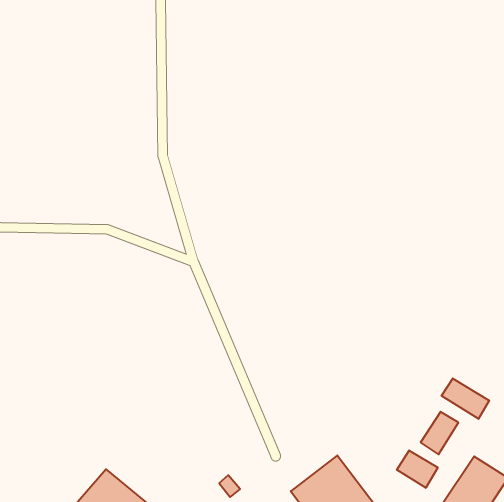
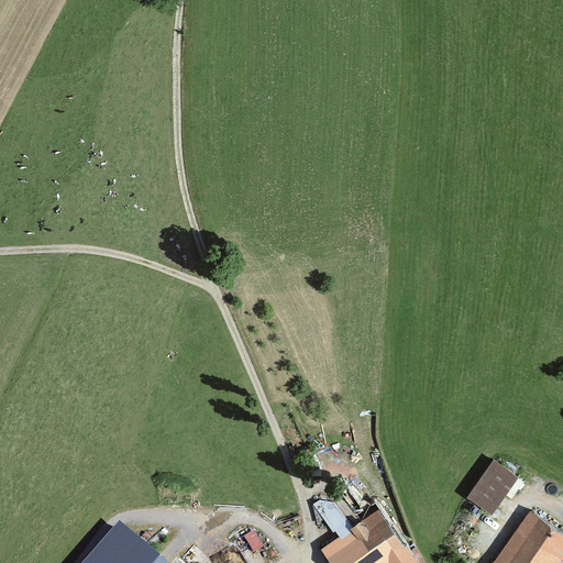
building: [442,378,489,419] -> none
building: [397,450,438,488] -> none

